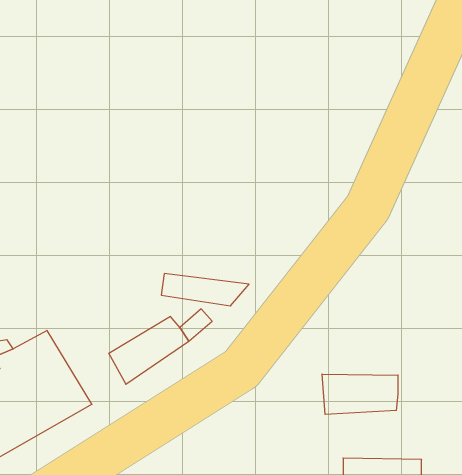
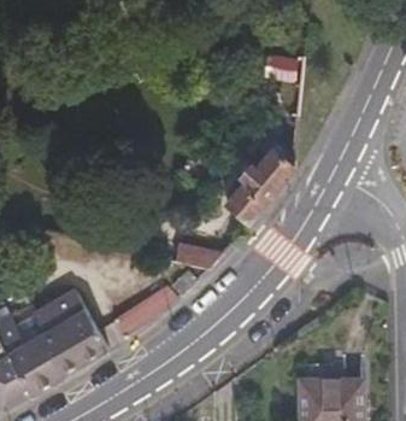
building: none -> [225,157,294,227]
building: [322,374,398,414] -> none

